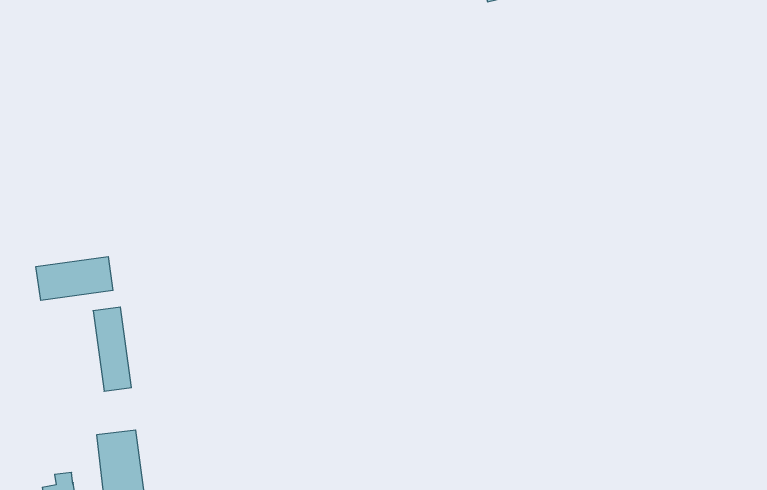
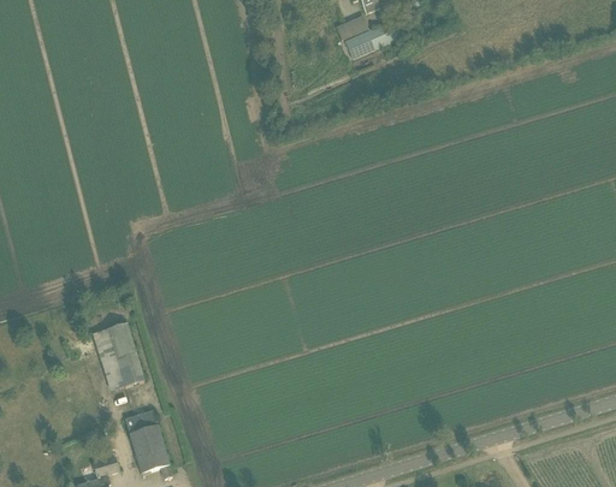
building: [36,257,113,300] -> none

